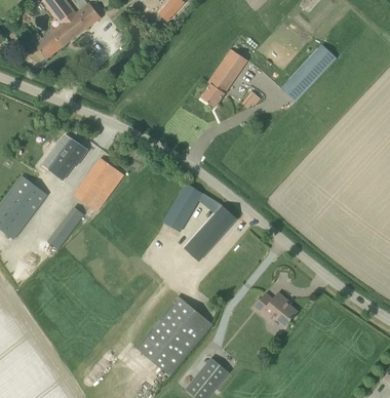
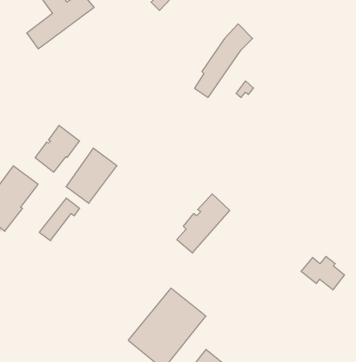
building: [280,44,337,102] -> none
building: [161,183,202,232] -> none
building: [254,292,297,325] -> [301,256,345,290]

